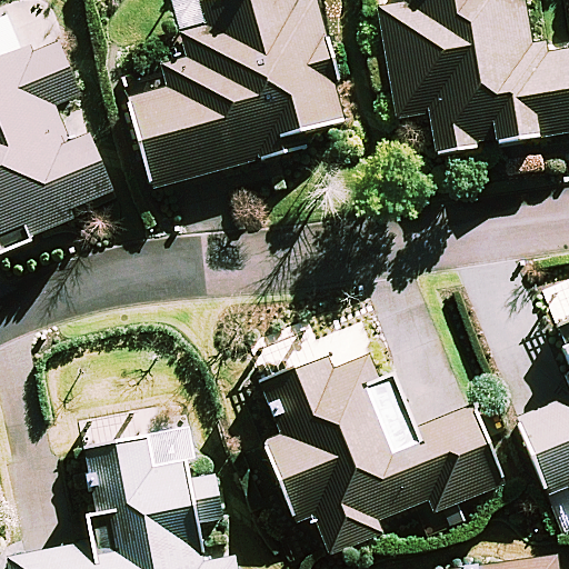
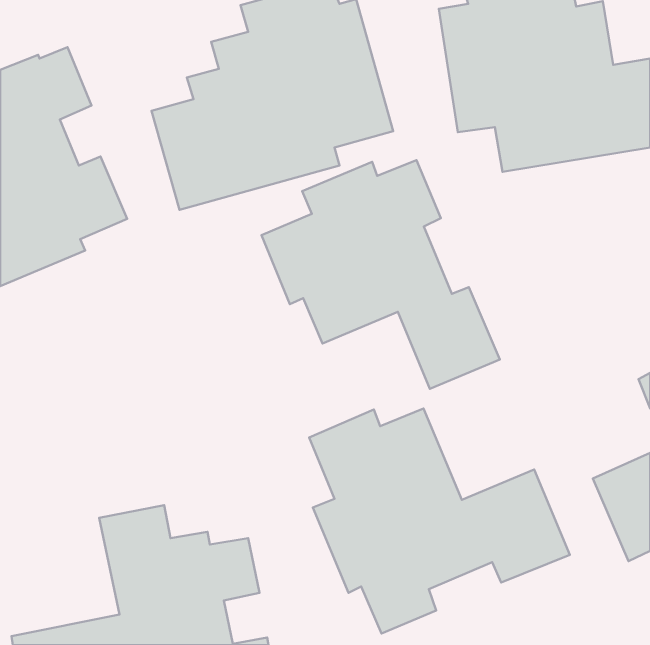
building: none -> [262,160,500,389]

